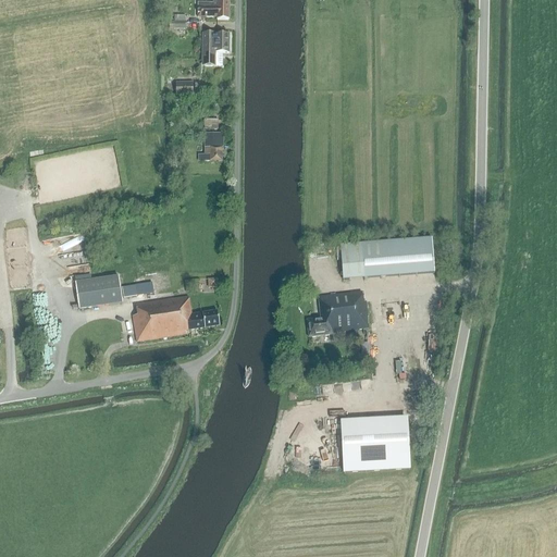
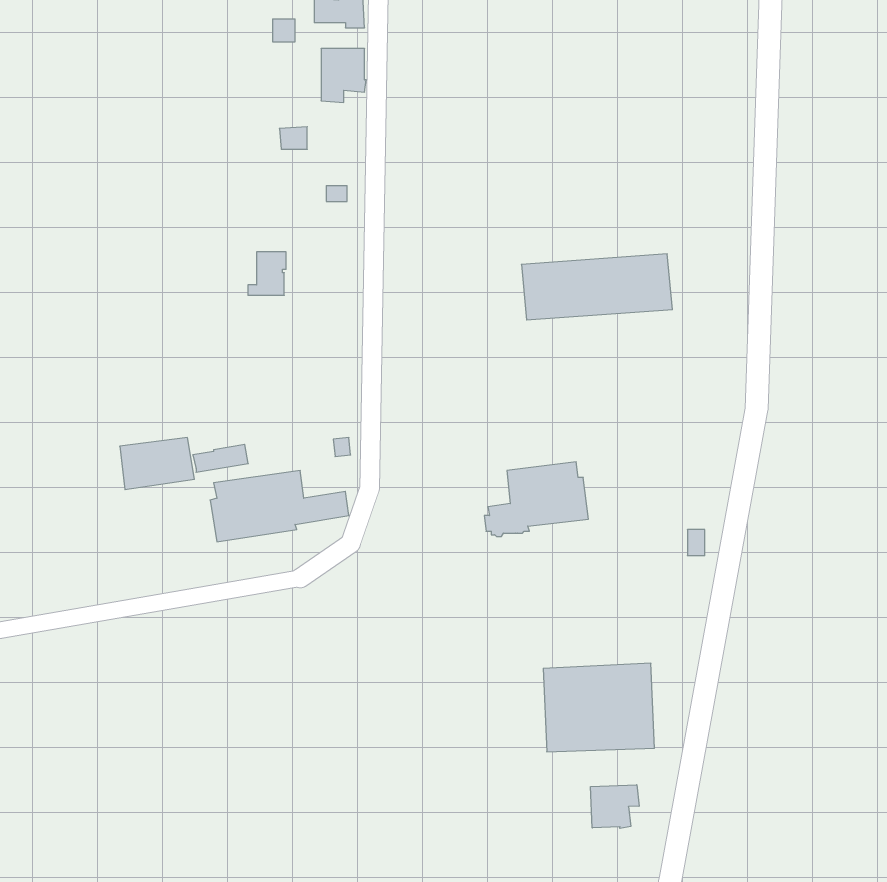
building: [199,132,223,159] -> [248,252,286,295]
building: [339,236,434,277] -> [521,254,672,320]
building: none -> [591,785,639,828]

